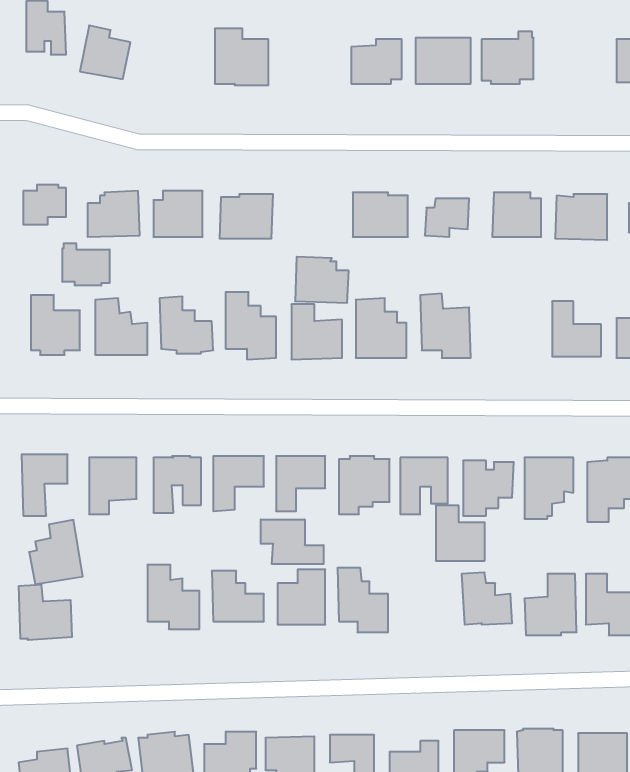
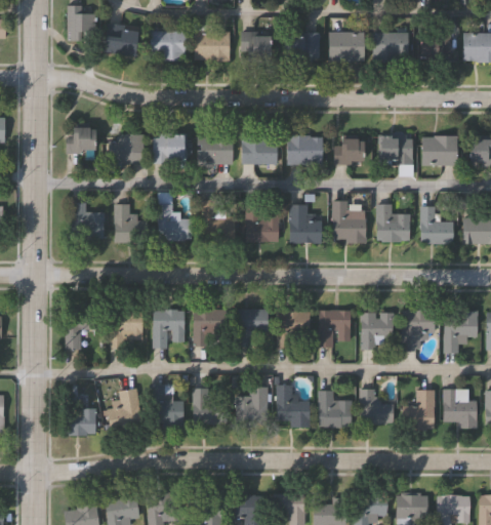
building: none -> [151,26,187,60]
building: none -> [241,30,271,62]
building: none -> [420,31,450,62]
building: [62,243,110,286] -> none
building: [295,257,349,303] -> [242,133,278,164]
building: none -> [377,203,410,246]
building: [436,506,485,561] -> [319,389,352,426]
building: [261,519,324,564] -> none
building: [29,520,83,584] -> [107,388,142,431]

